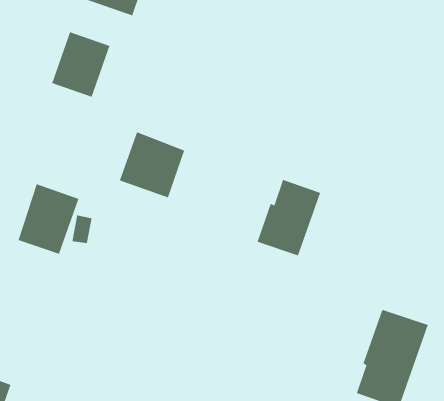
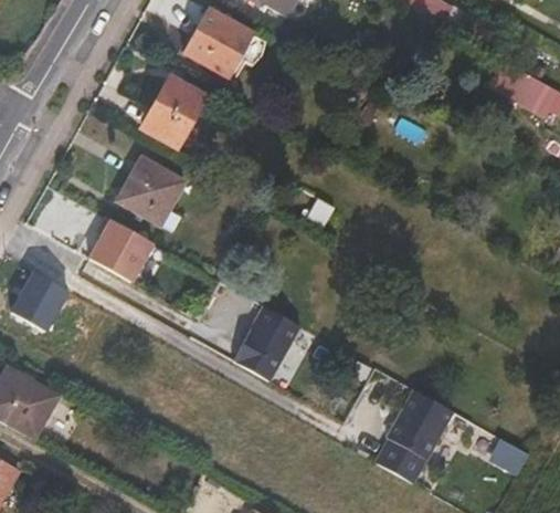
building: [119,131,185,199] -> [118,159,184,227]
building: [257,179,321,256] -> [231,305,298,379]

